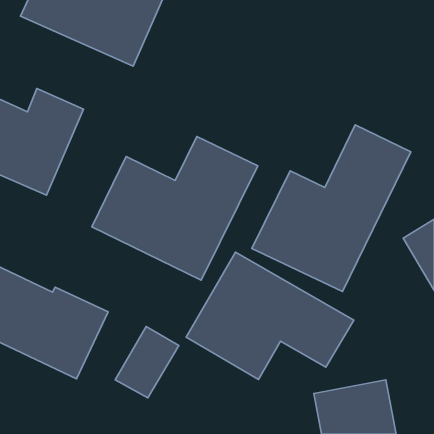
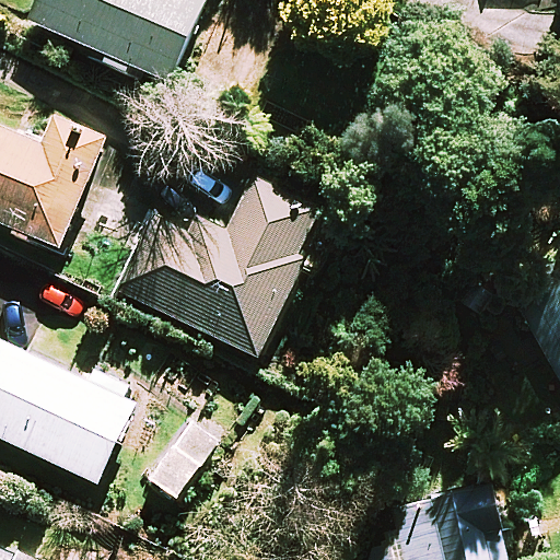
building: [252,125,411,292] -> none
building: [186,252,354,379] -> none

